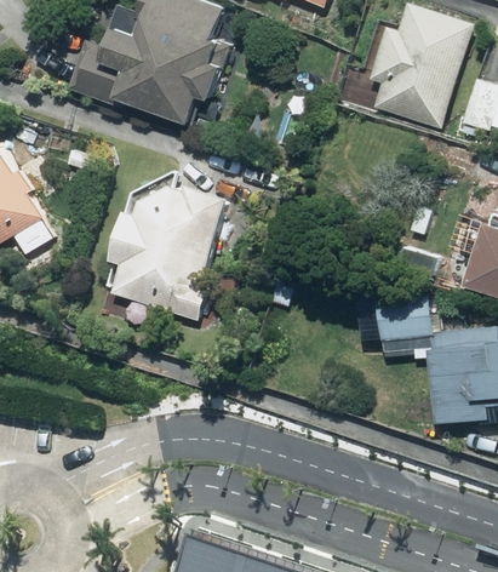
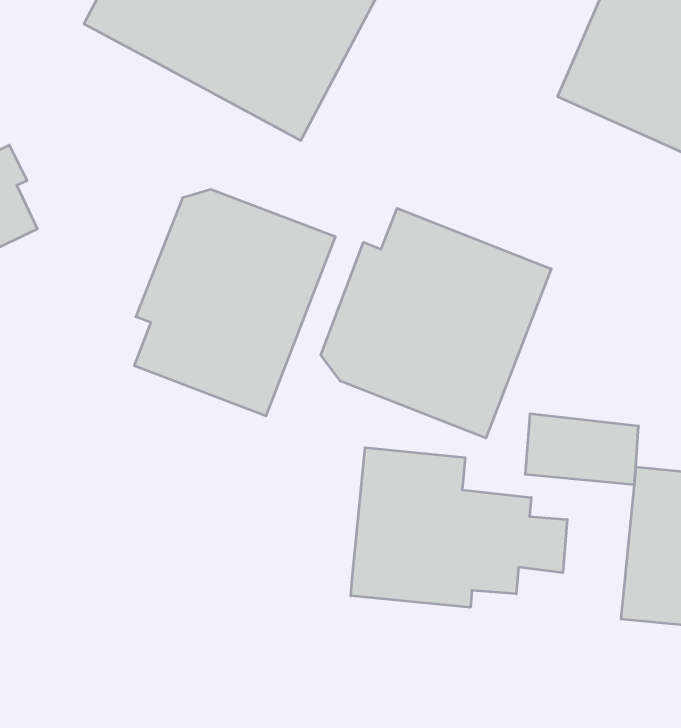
building: none -> [321,208,551,438]
building: none -> [351,448,567,607]

